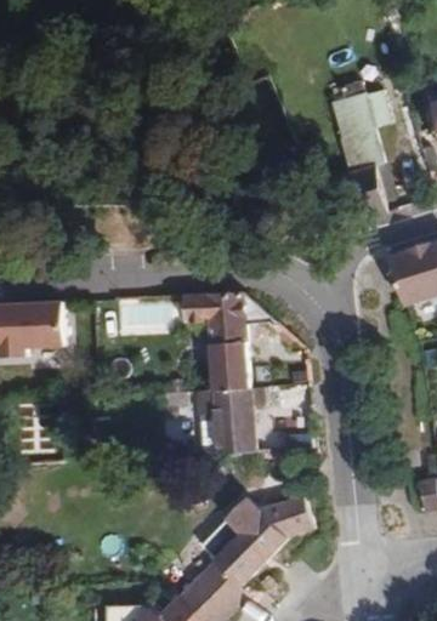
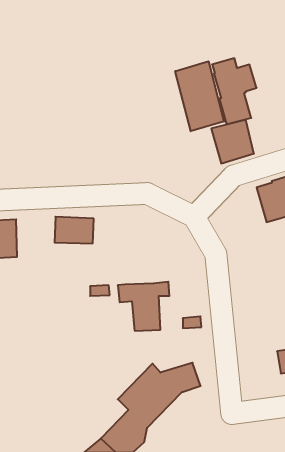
building: none -> [175,61,224,131]
building: [182,291,294,389] -> none

